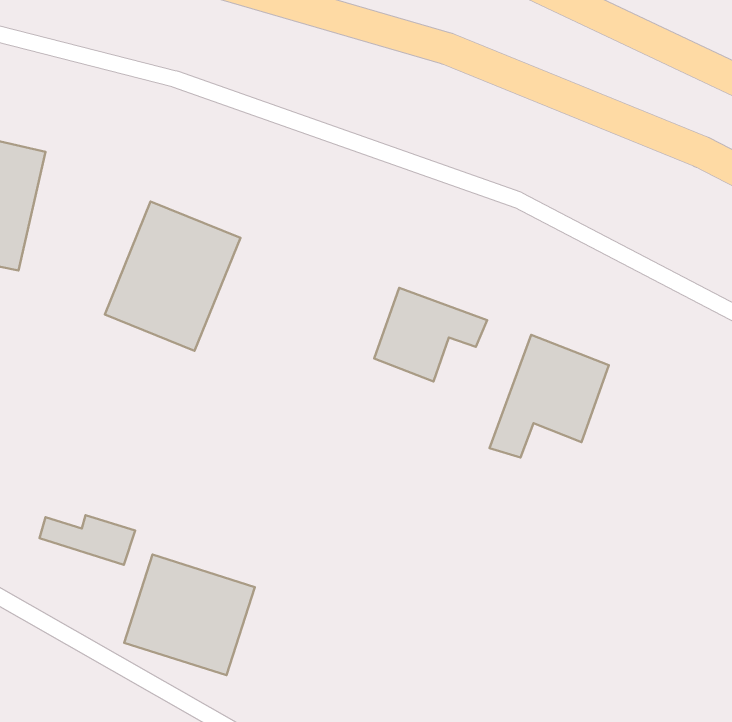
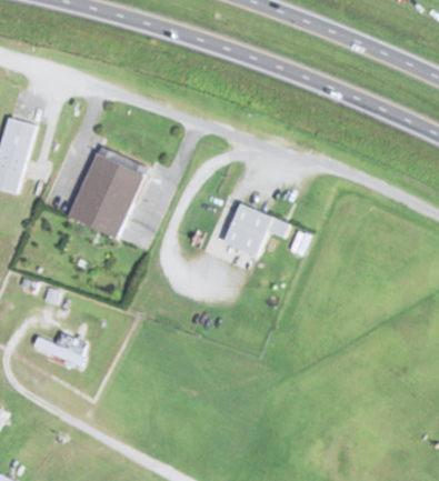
building: [489,335,609,457] -> none
building: [124,554,255,675] -> none

